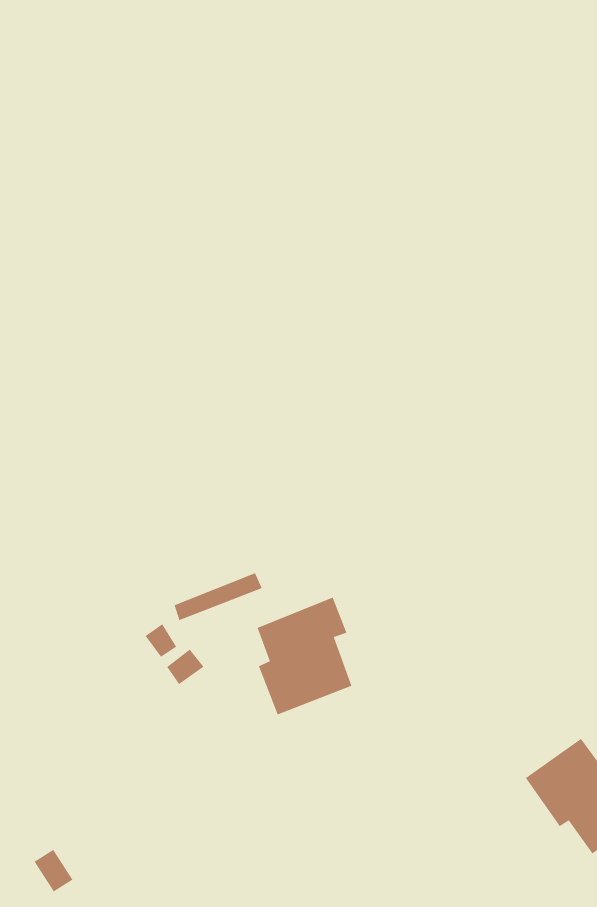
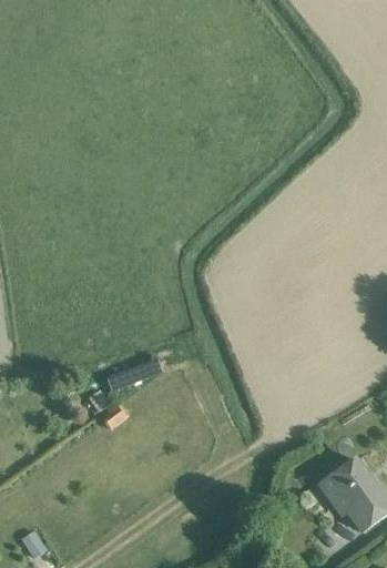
building: [257,597,352,715] -> none

